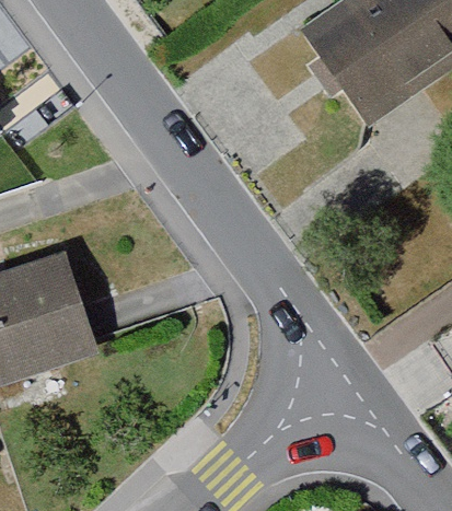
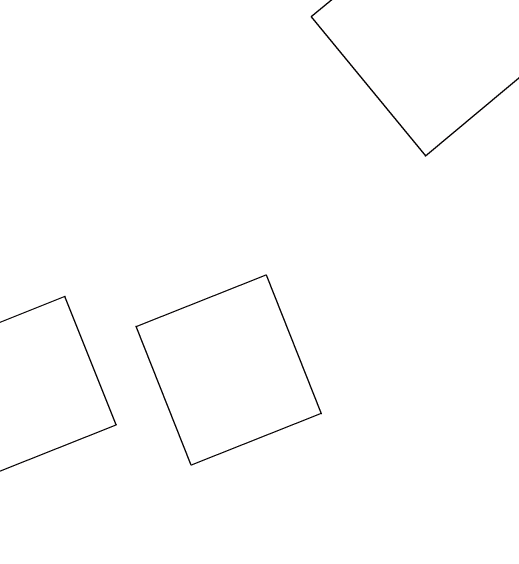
building: none -> [136,275,321,465]

